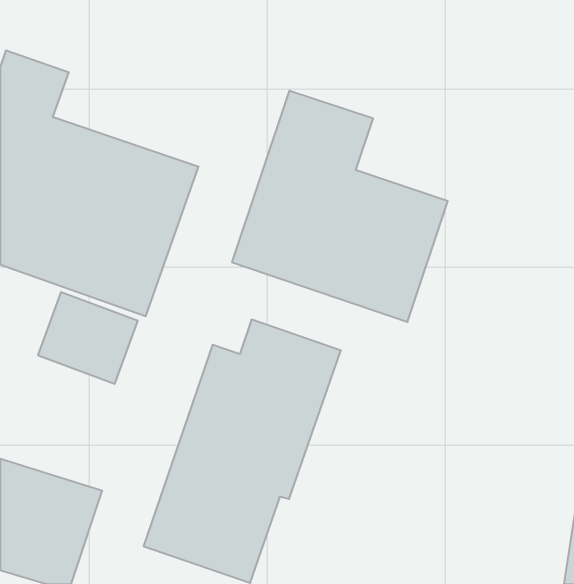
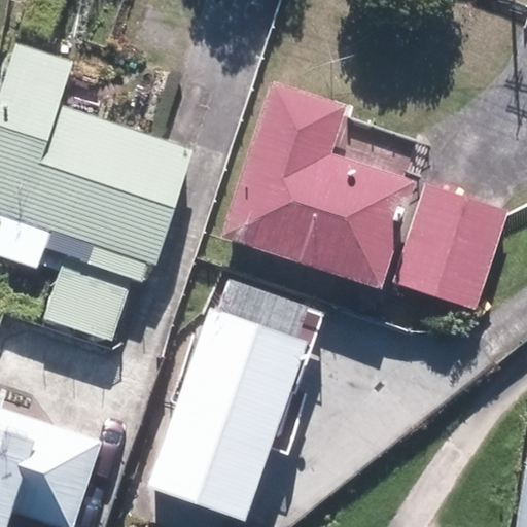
building: none -> [393,183,508,309]

